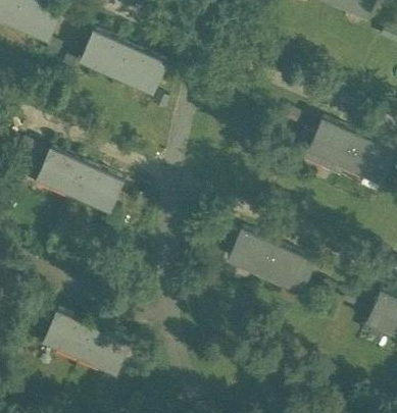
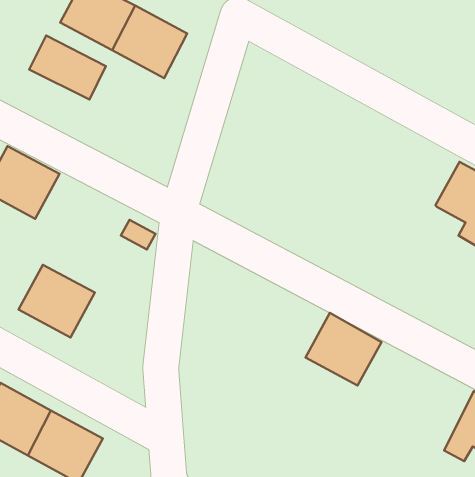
building: none -> [29,36,106,99]
building: [292,119,358,177] -> none
building: [72,164,123,212] -> [18,265,95,337]
building: [227,228,278,276] -> none

